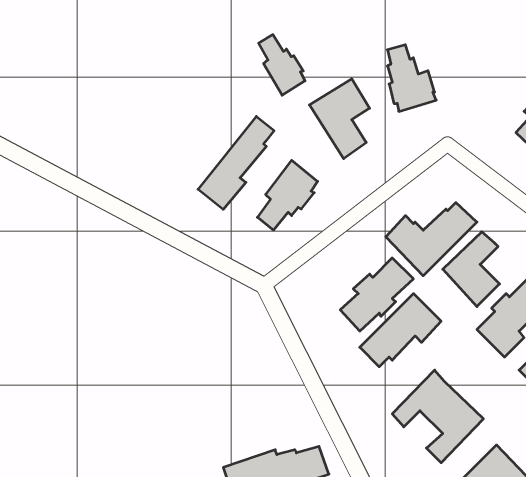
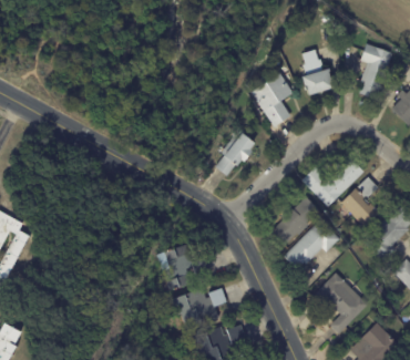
building: [259,35,305,95] -> none
building: none -> [360,43,392,99]
building: [198,116,274,209] -> none
building: none -> [160,245,213,291]
building: none -> [172,288,225,331]

